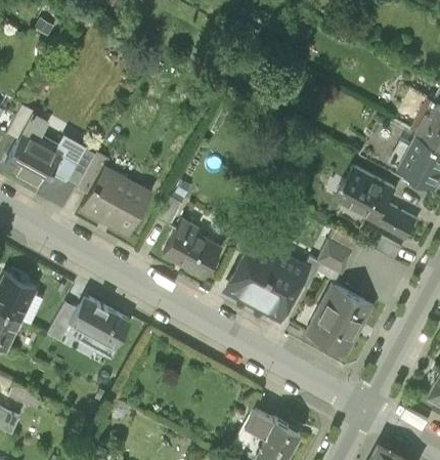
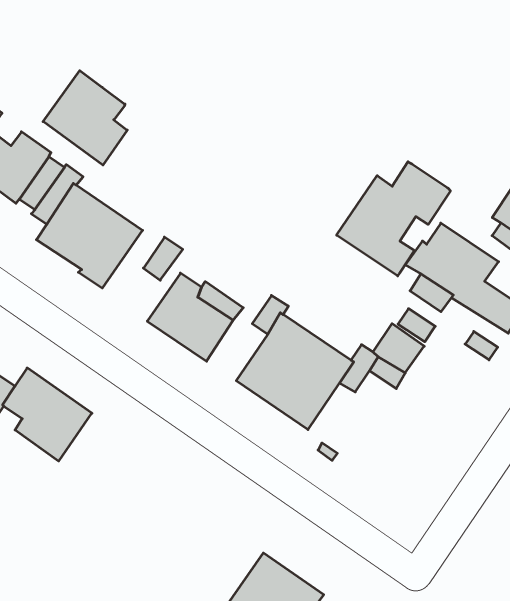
building: none -> [43,71,127,165]
building: none -> [337,162,450,276]
building: [304,285,373,358] -> none

